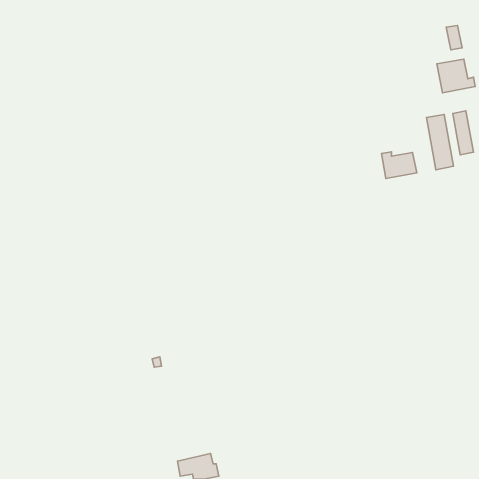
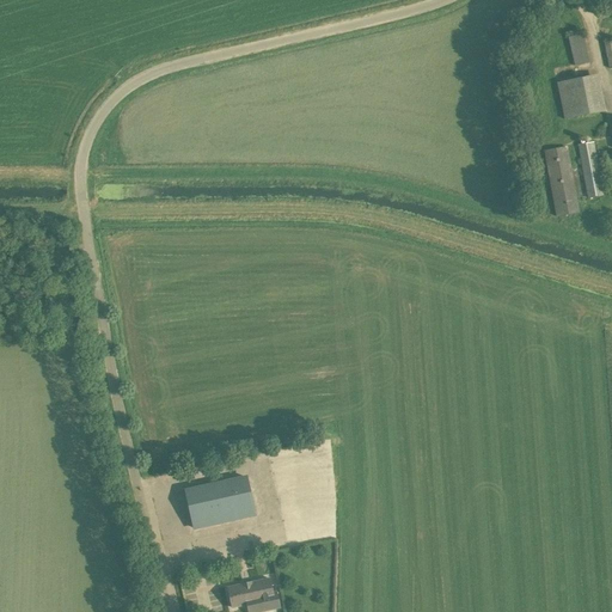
building: [381,152,417,179] -> none
building: none -> [184,476,253,528]

